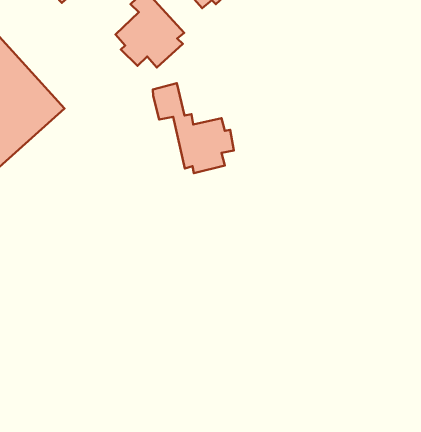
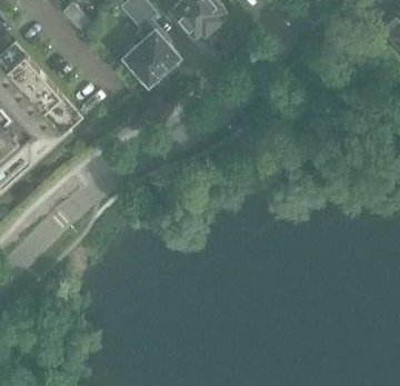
building: [153,83,234,173] -> none

